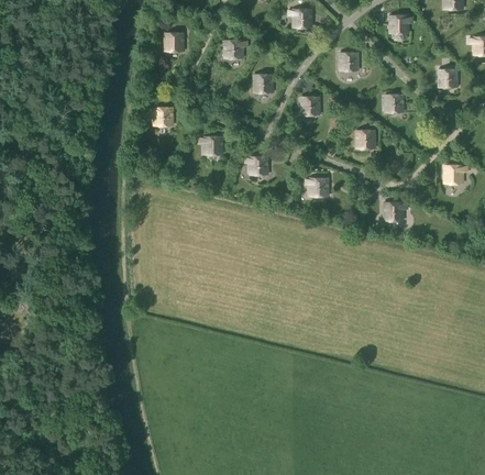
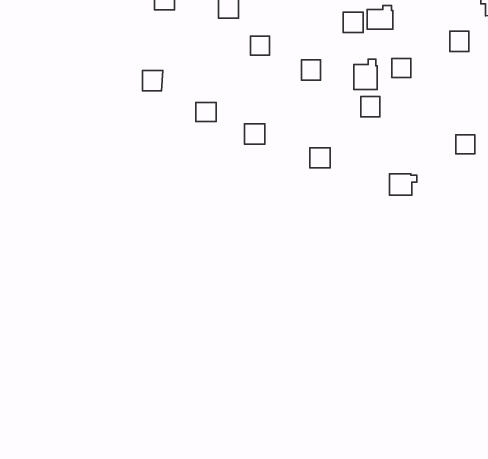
building: none -> [367,6,393,29]
building: none -> [354,59,377,89]

